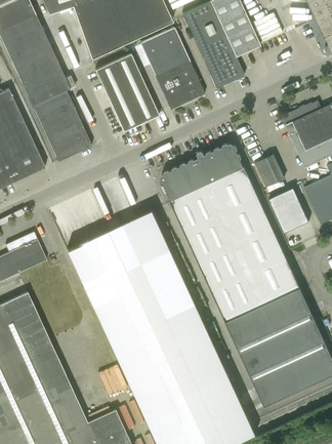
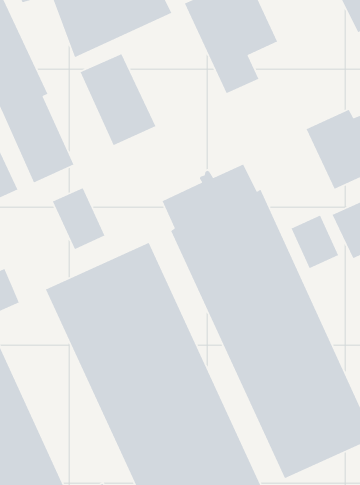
building: [139,28,205,110] -> none
building: [256,155,284,188] -> none
building: none -> [52,187,106,250]

